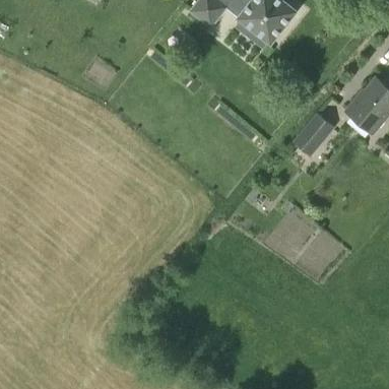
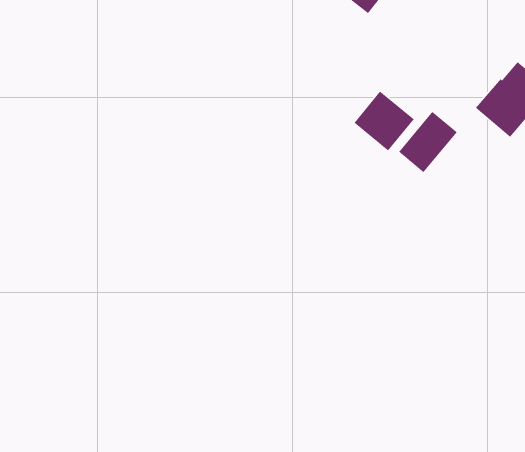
building: none -> [353,90,415,152]

